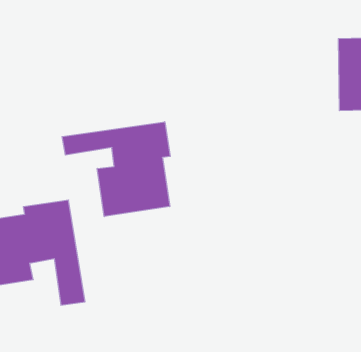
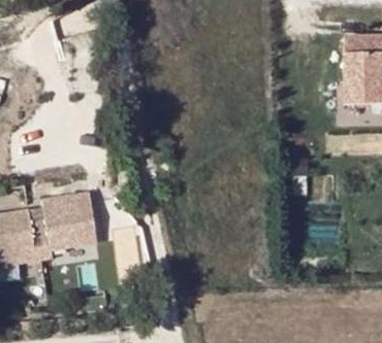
building: [62,122,170,217] -> none

